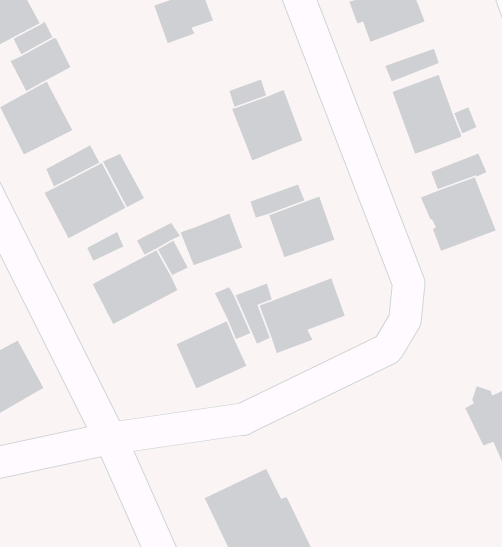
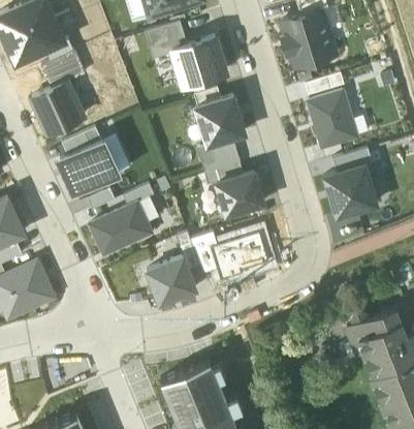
building: none -> [171,37,226,86]
building: [179,213,244,266] -> [196,137,241,174]

